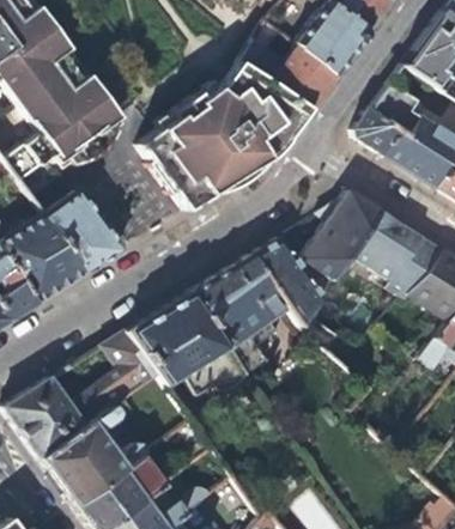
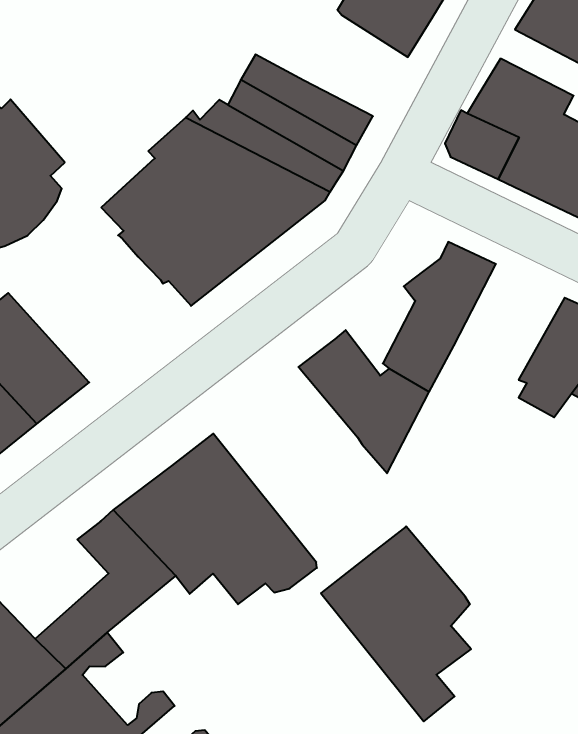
building: [243,38,338,108] -> none
building: [346,206,417,278] -> none
building: [194,255,284,375] -> [321,526,471,721]

